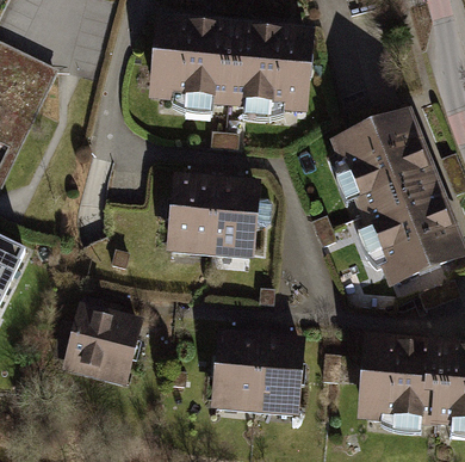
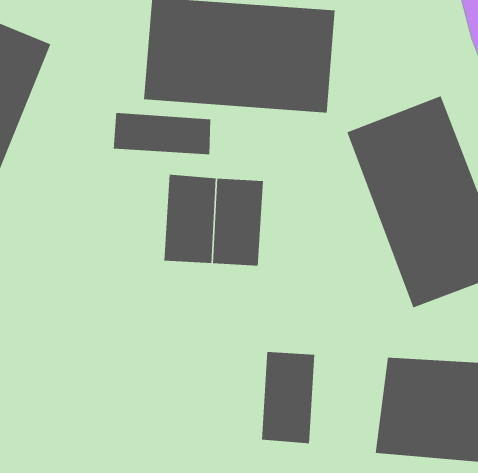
building: none -> [113,112,211,155]
building: [64,303,142,378] -> none
building: [212,326,255,406] -> none

